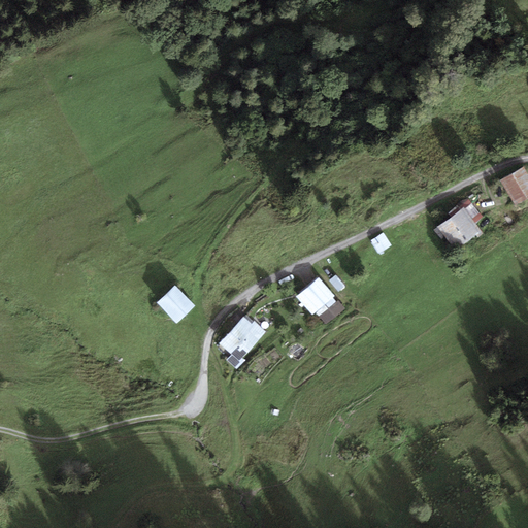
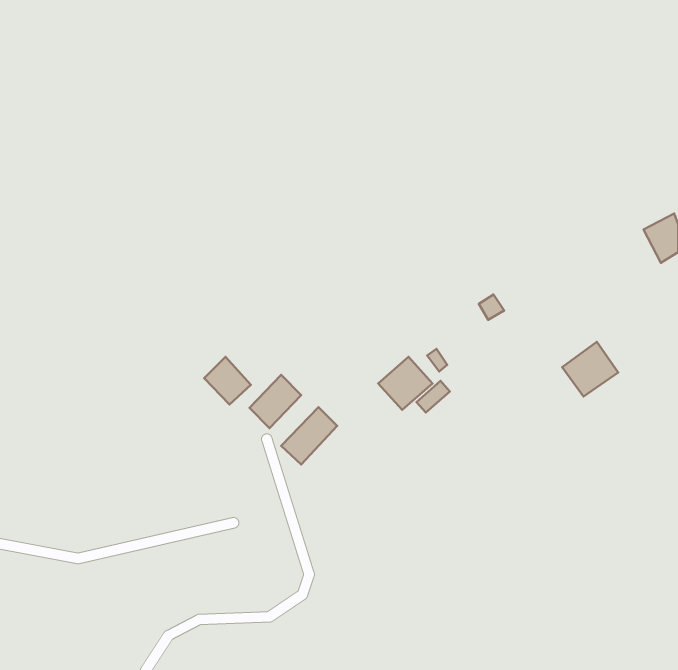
building: [438,207,482,250] -> [562,342,618,396]
building: none -> [249,375,301,428]

